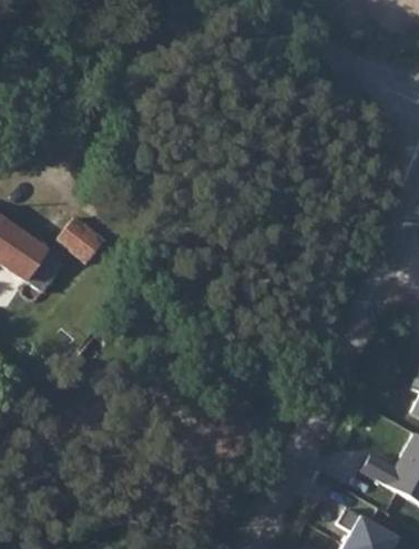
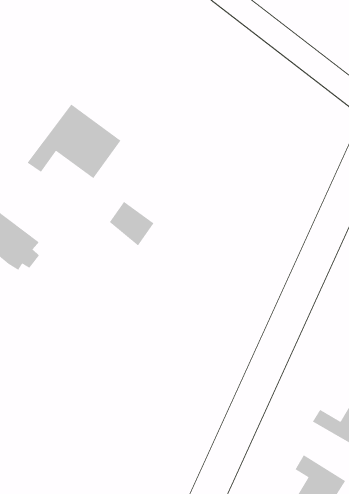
building: none -> [27,104,122,179]
building: [58,221,108,271] -> [109,201,154,246]

